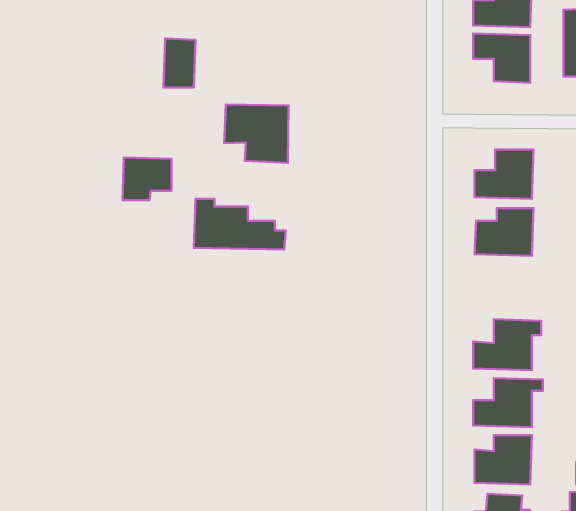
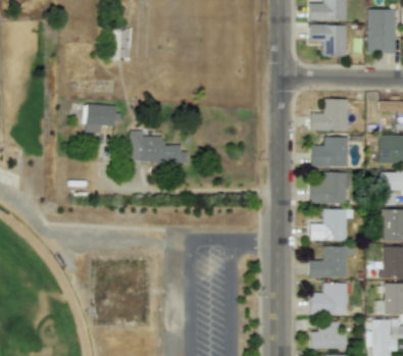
building: [224,104,289,163] -> none
building: none -> [309,172,347,204]

